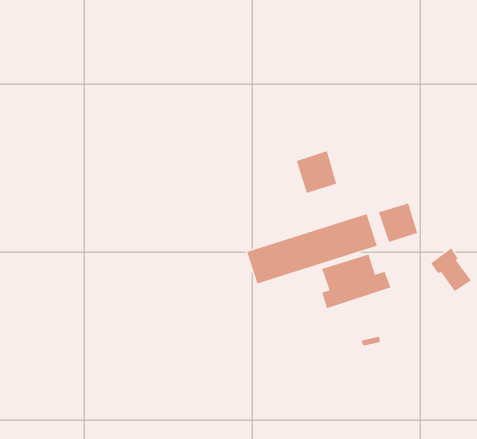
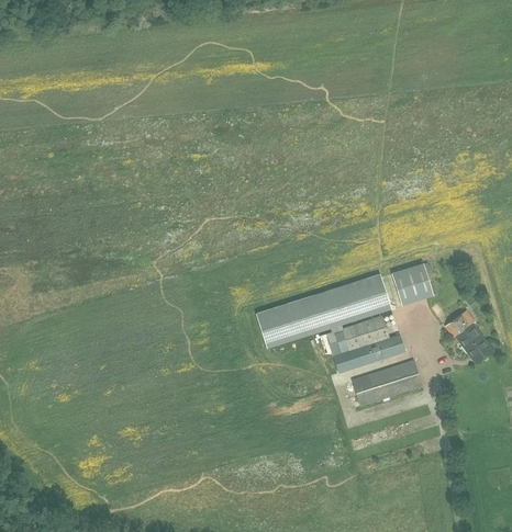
building: [296,150,337,194] -> none
building: none -> [350,360,421,405]

